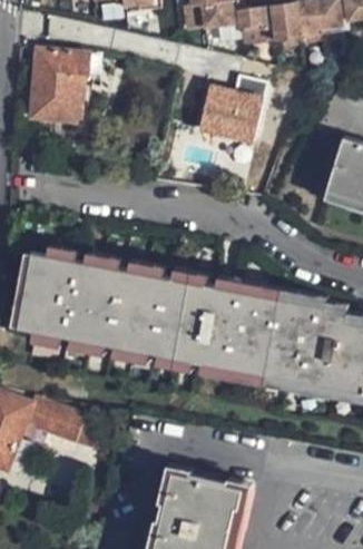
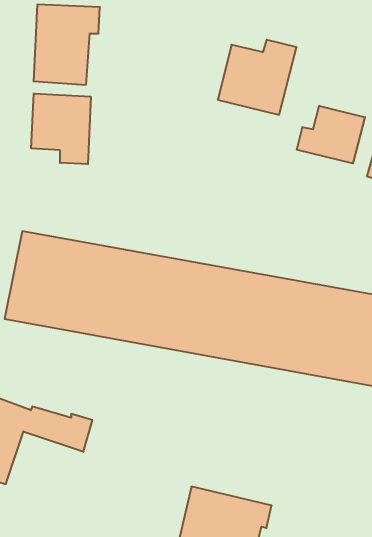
building: none -> [31,93,91,164]
building: none -> [297,106,365,163]

